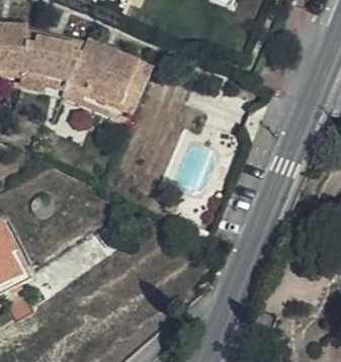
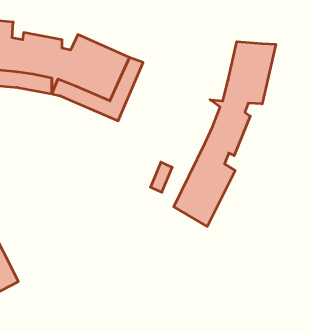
building: none -> [174,42,276,226]

